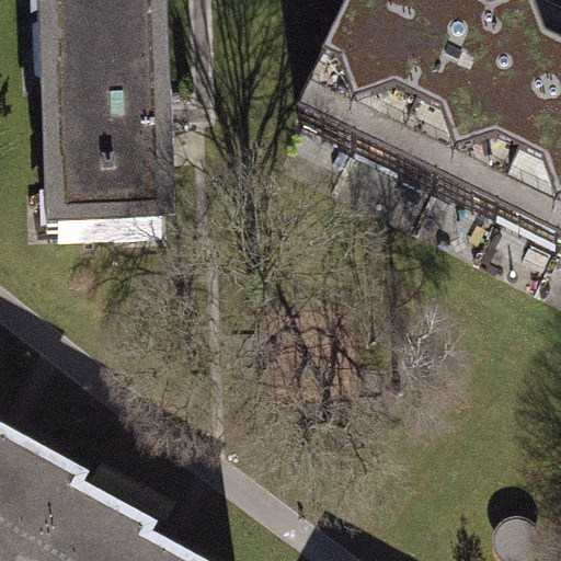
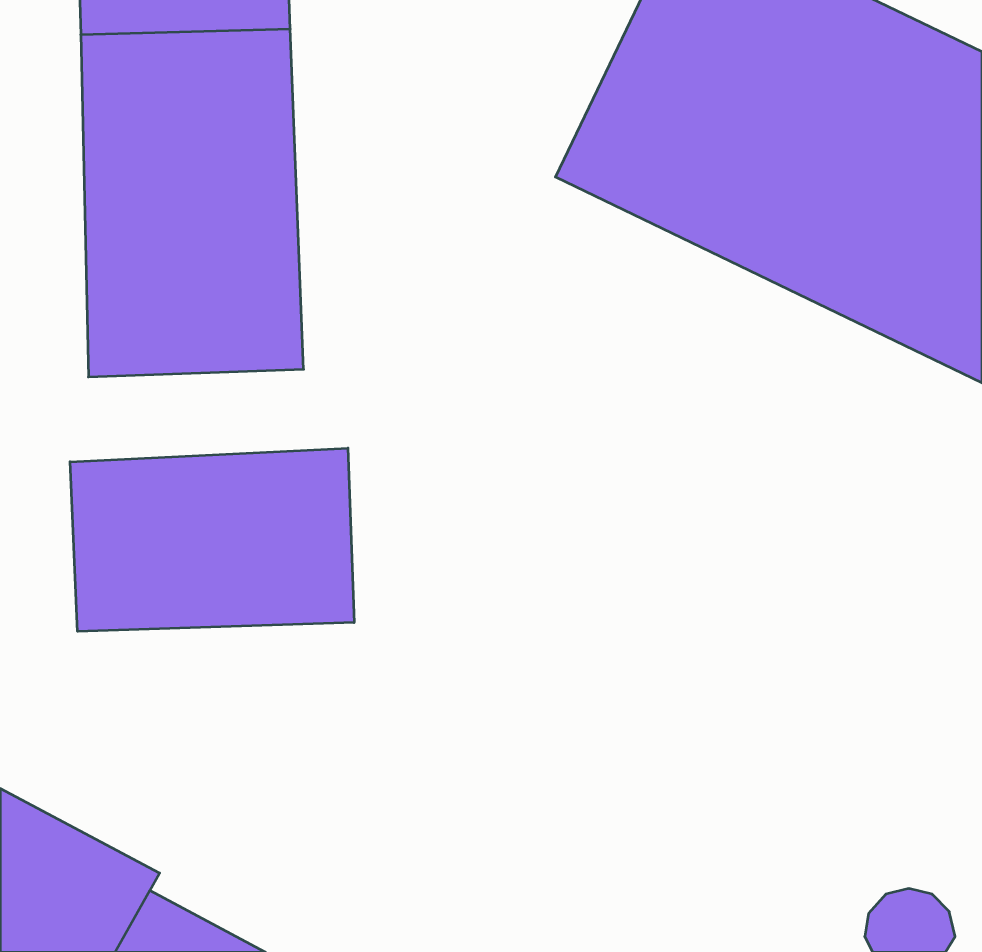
building: none -> [70,448,354,631]

